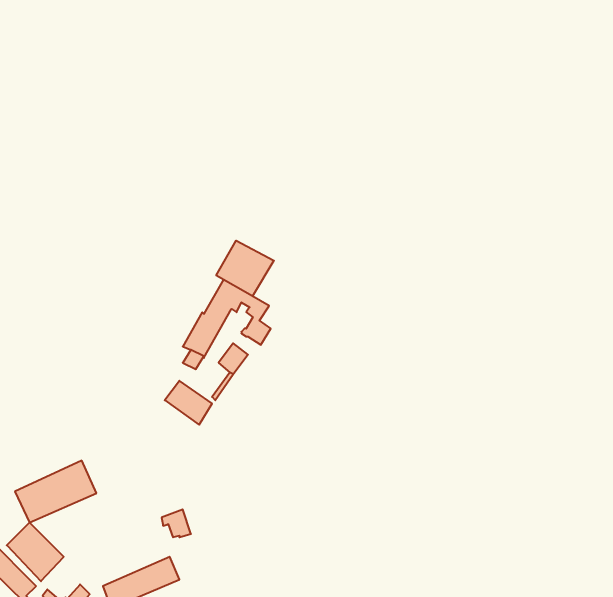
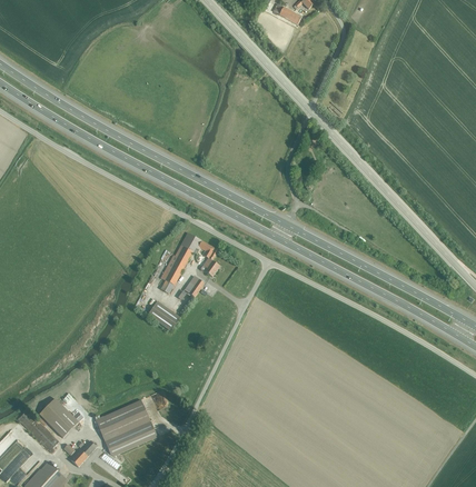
building: [216,241,274,296] -> none
building: [15,461,96,523] -> [95,399,150,441]

